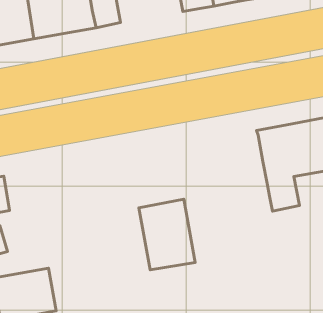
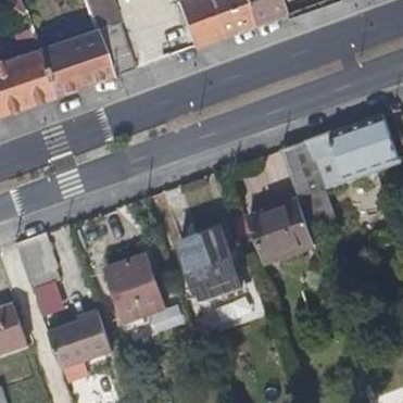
building: none -> [251,200,316,262]
building: none -> [108,255,164,320]

